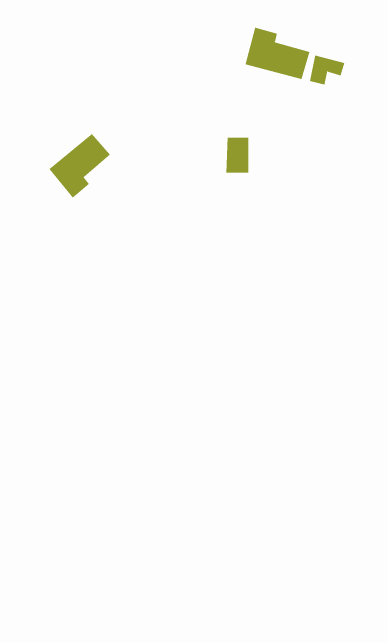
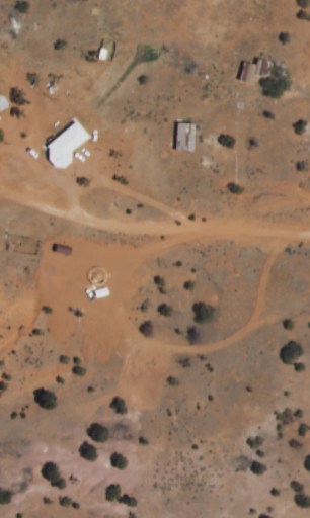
building: [245,27,310,80] -> none

